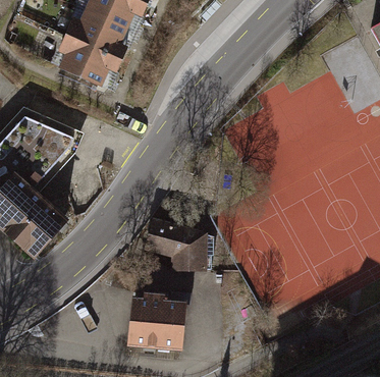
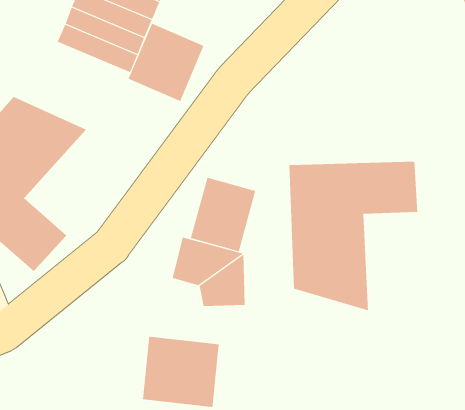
building: none -> [128,23,204,102]
building: none -> [289,161,418,311]
building: none -> [190,177,256,252]

